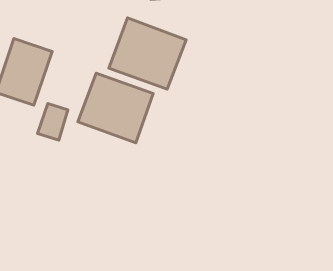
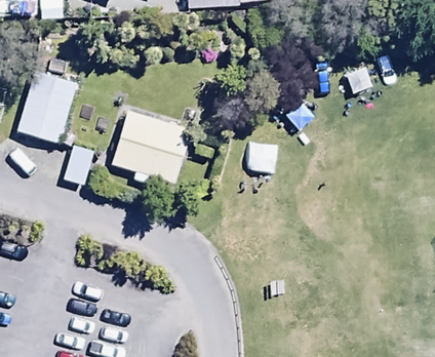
building: [109,18,186,89] -> none

